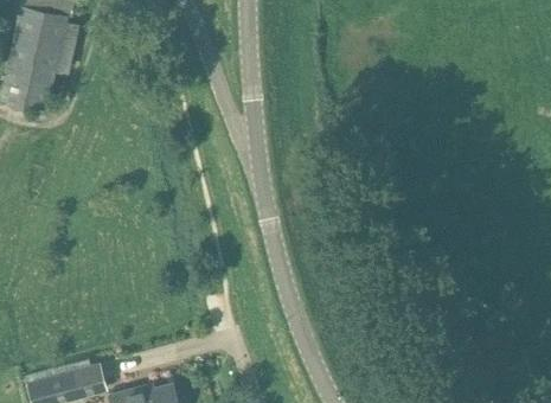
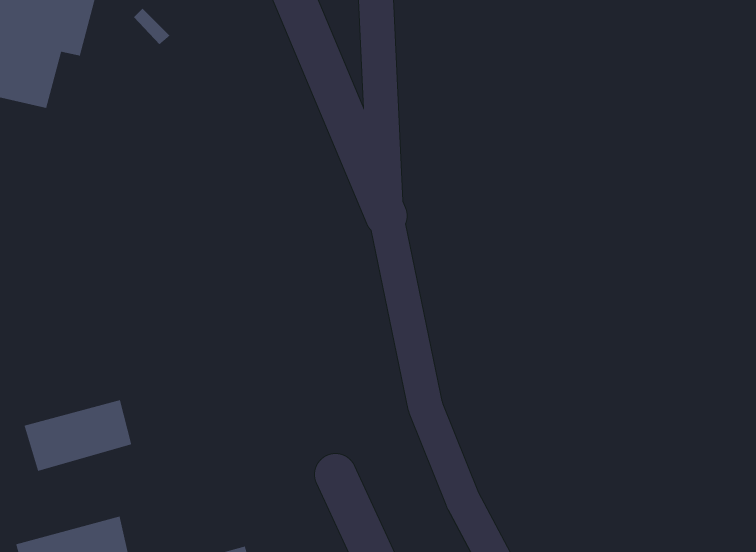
building: none -> [23,399,132,472]

